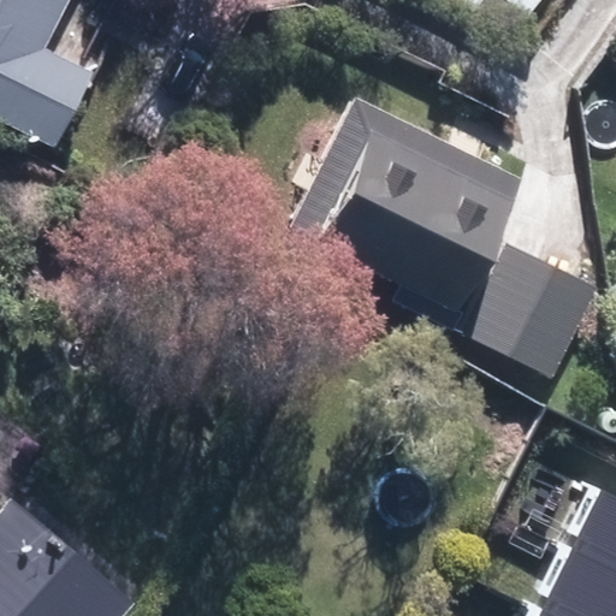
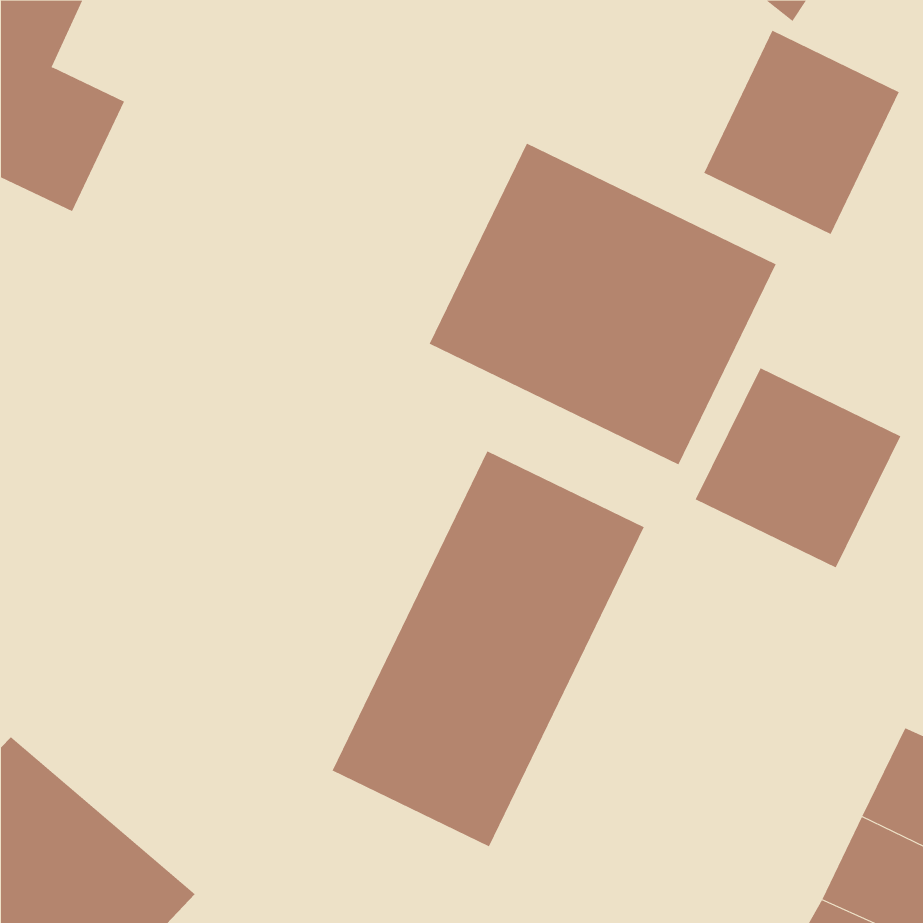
building: none -> [703,30,899,235]
building: none -> [332,451,645,847]

